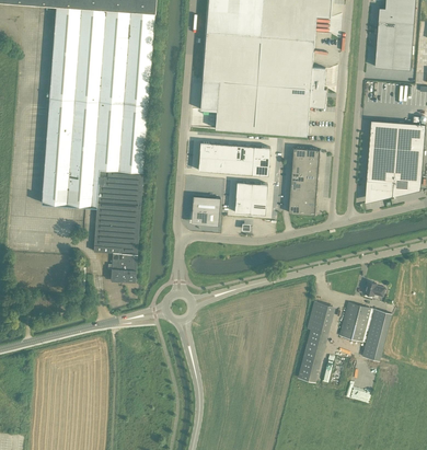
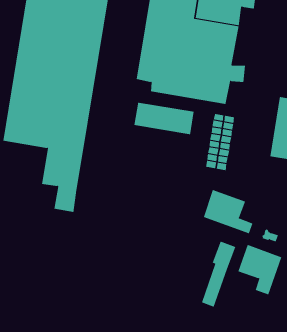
building: [233,182,266,215] -> none
building: [191,195,219,226] -> none
building: none -> [203,189,253,234]

